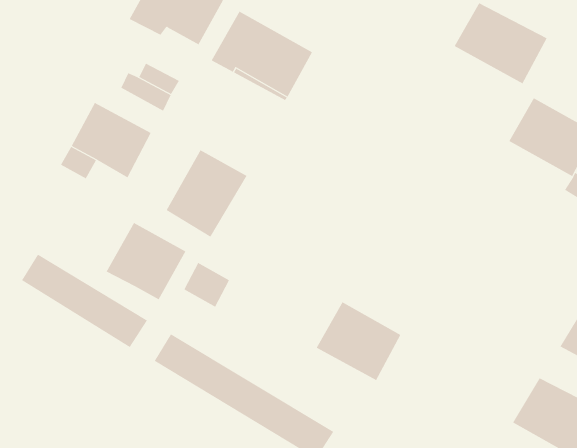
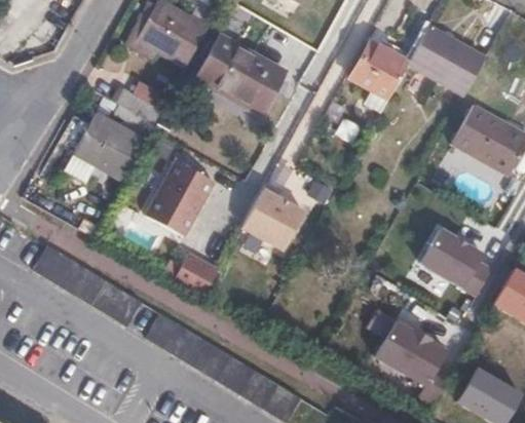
building: none -> [348,41,405,98]
building: none -> [247,182,314,249]
building: [106,222,186,300] -> none
building: none -> [425,221,491,284]
building: [316,301,401,381] -> [380,313,454,382]

